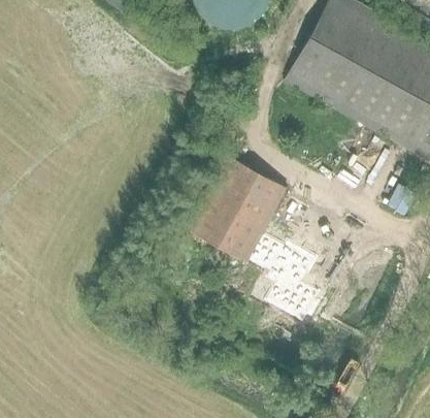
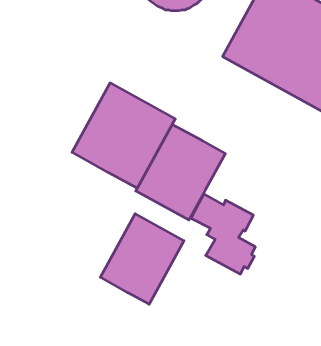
building: none -> [72,83,175,188]
building: none -> [100,214,184,304]

